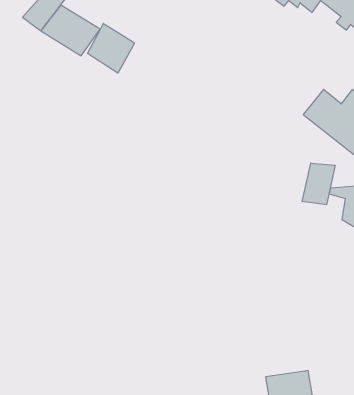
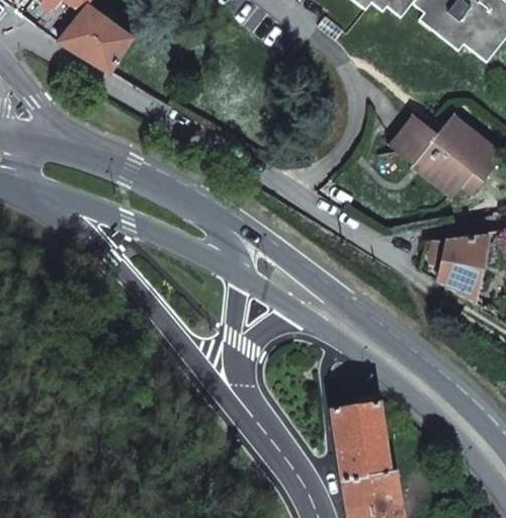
building: [88,23,134,73] -> none
building: [302,163,335,205] -> none
building: none -> [332,401,392,478]

